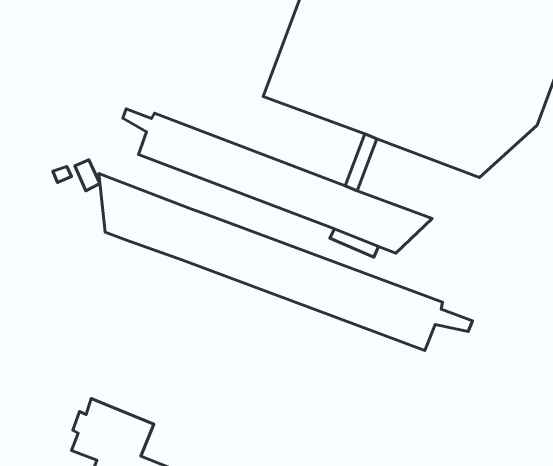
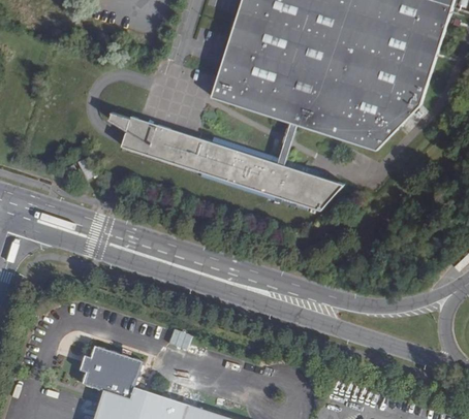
building: [99,174,473,351] -> none

